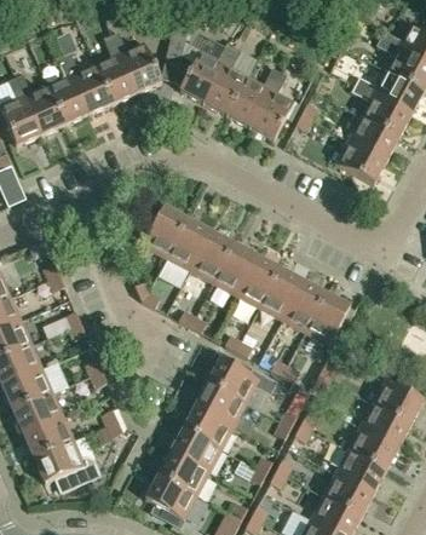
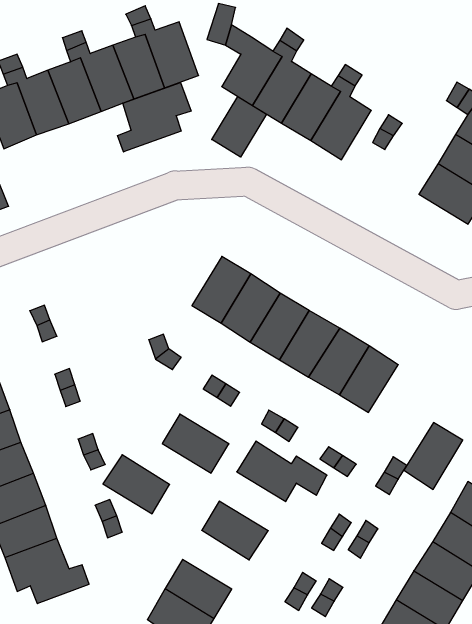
building: none -> [117,82,191,152]
building: none -> [212,97,266,157]
building: [142,207,186,258] -> none
building: [305,294,349,345] -> [404,423,463,489]
building: [195,382,246,426] -> [162,414,229,473]
building: [169,428,220,472] -> [103,455,170,514]

